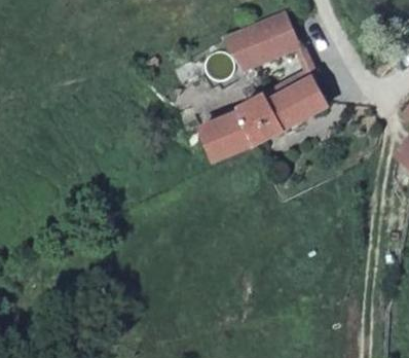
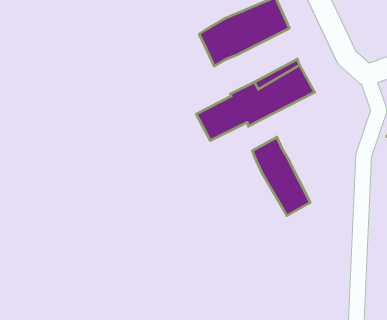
building: none -> [252,137,310,216]

